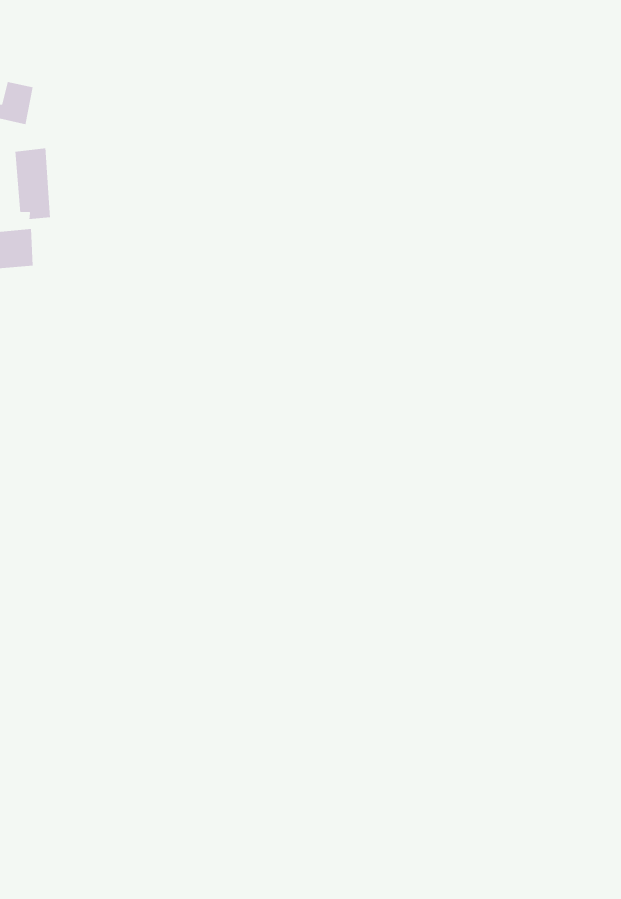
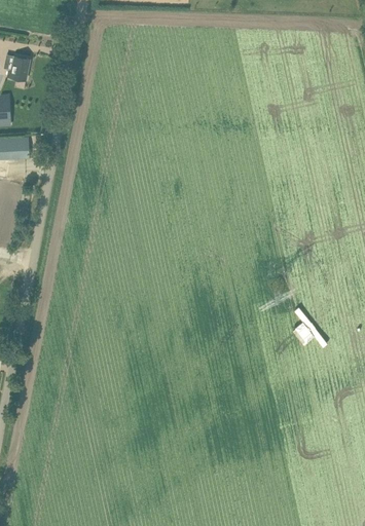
building: [15,148,51,220] -> none

